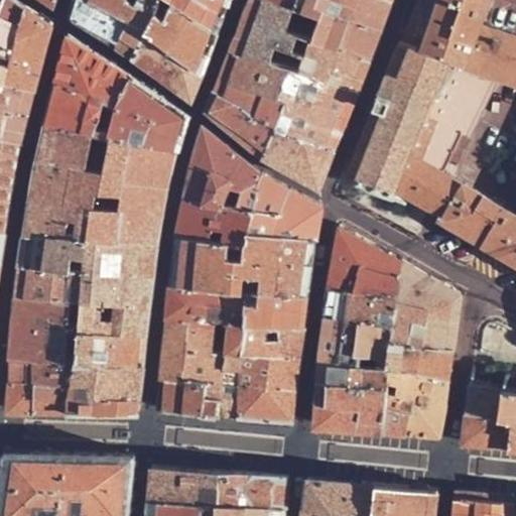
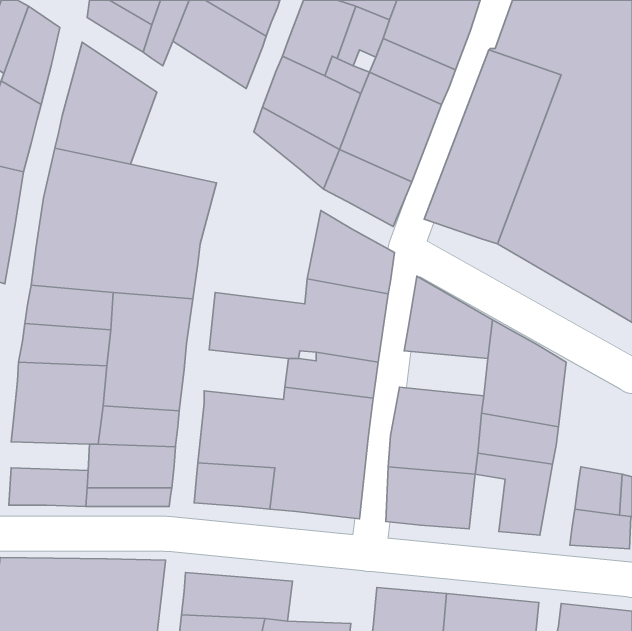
building: [132,37,200,100] -> none
building: [106,79,184,152] -> none
building: [174,129,260,250] -> none
building: [165,287,234,328] -> none
building: [324,288,395,325] -> none
building: [9,362,73,385] -> none
building: [380,388,409,434] -> none
building: [233,475,287,509] -> none

